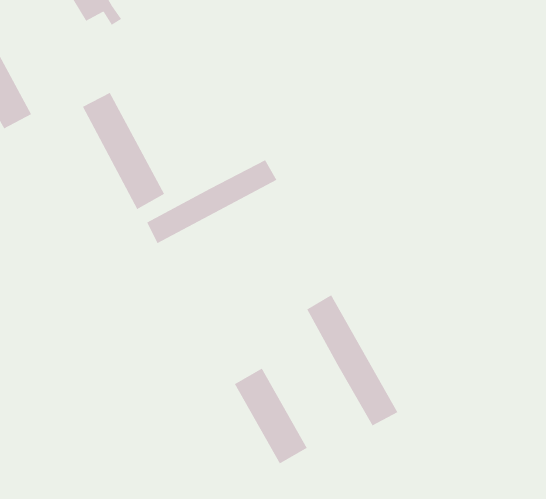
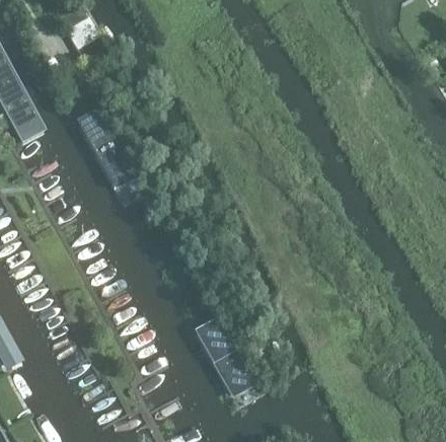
building: [146,159,277,244] -> none
building: [306,294,399,426] -> none

